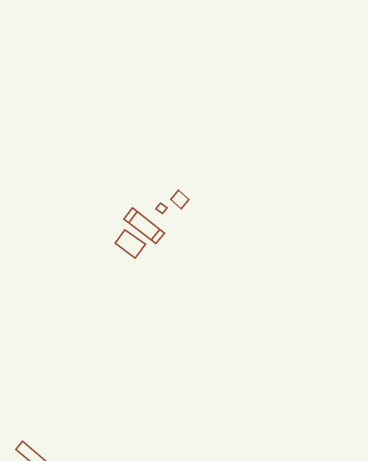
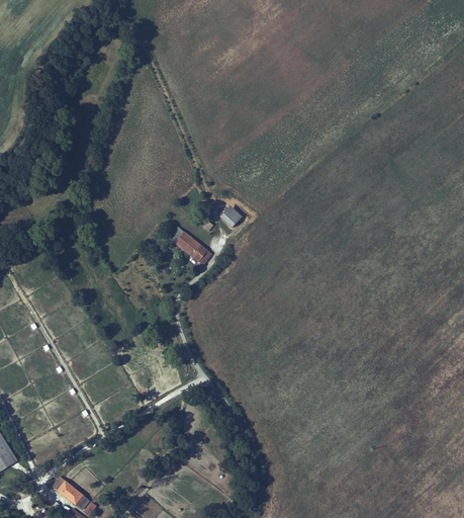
building: [115,230,146,258] -> none

